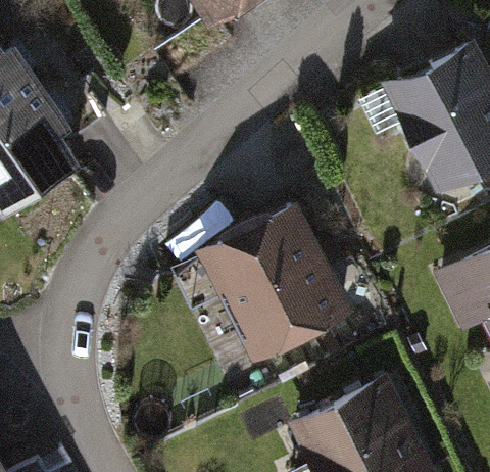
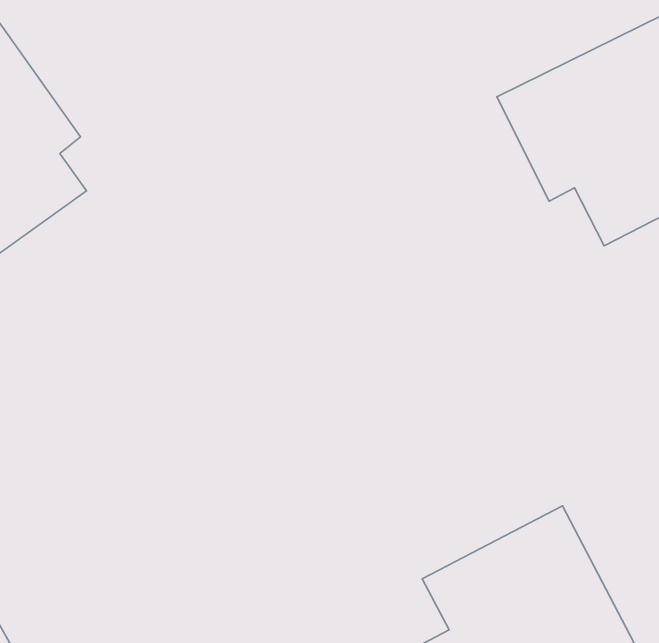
building: [185,202,347,370] -> none

